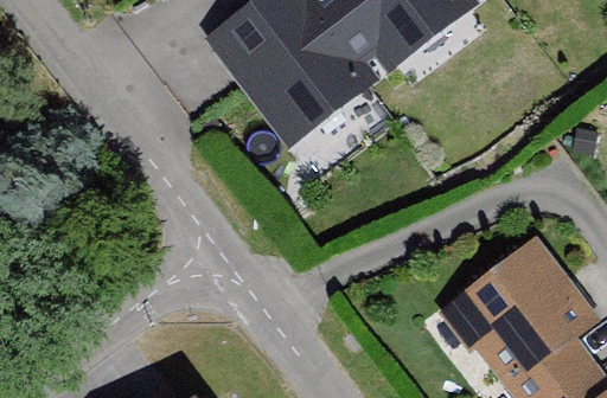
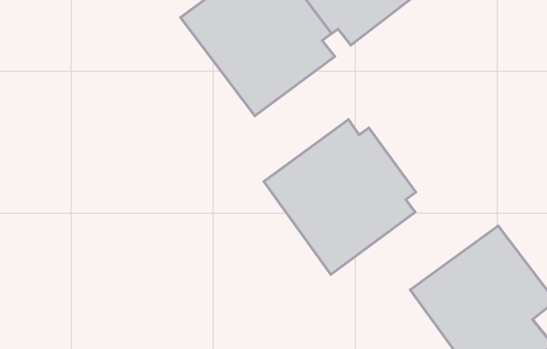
building: none -> [264,119,416,274]

